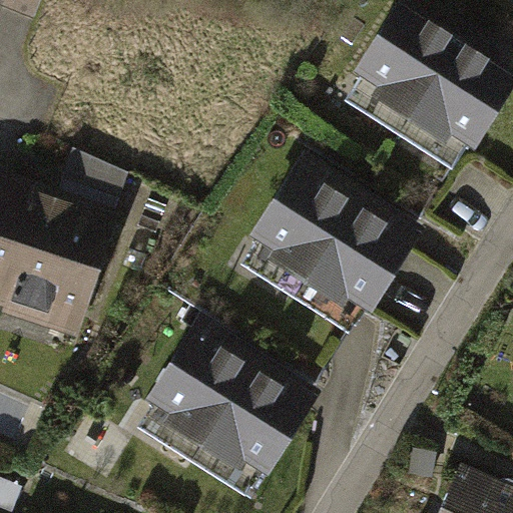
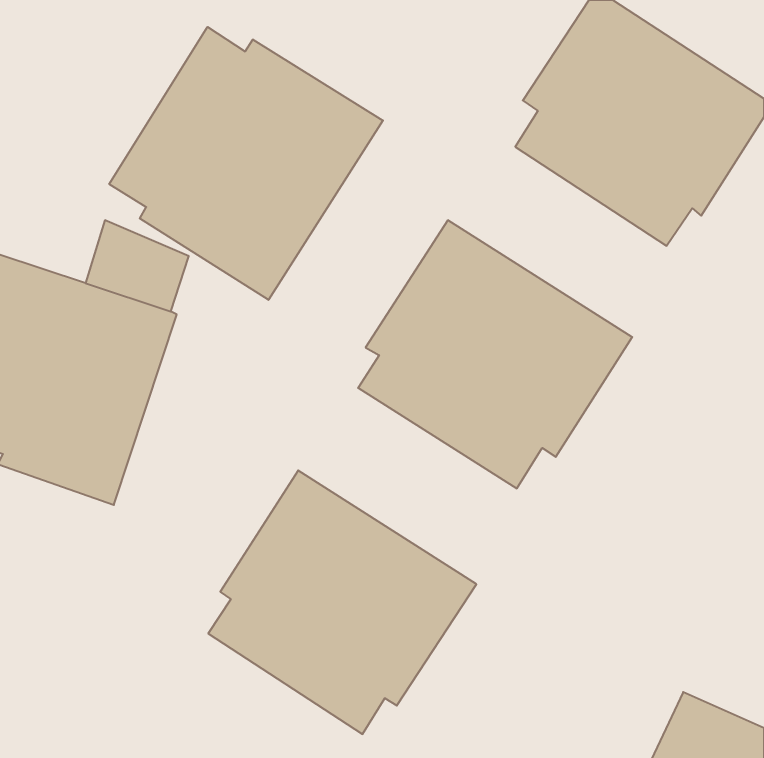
building: none -> [109,27,383,300]

